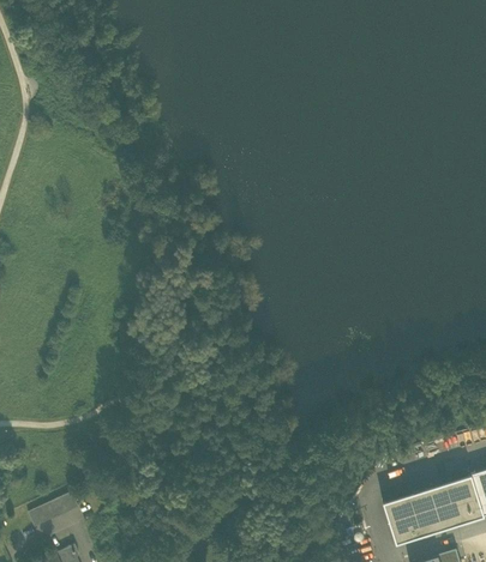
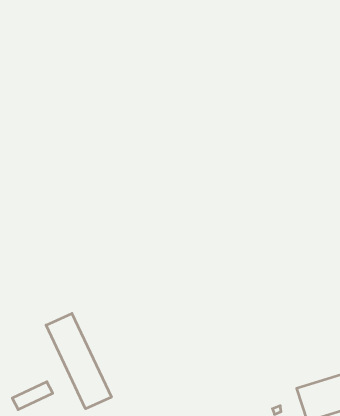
building: none -> [46,313,111,409]

